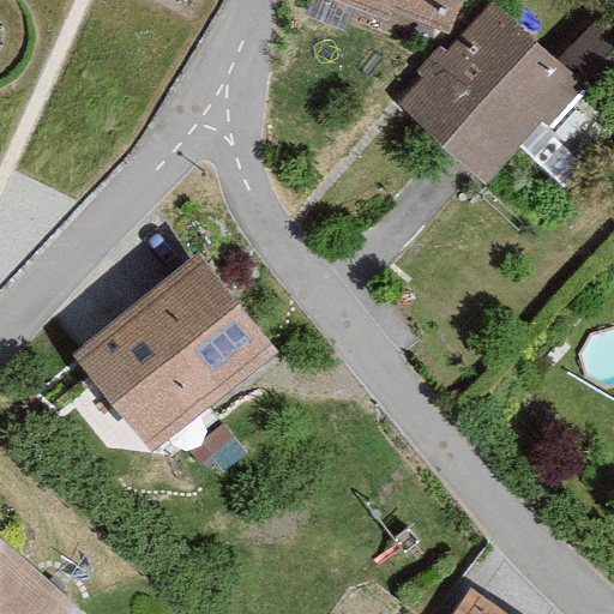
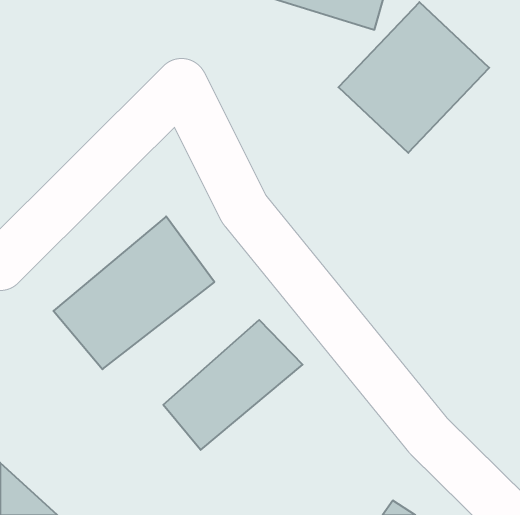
building: none -> [163,320,303,450]

